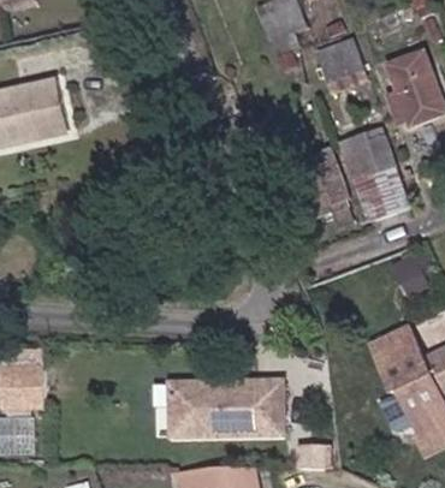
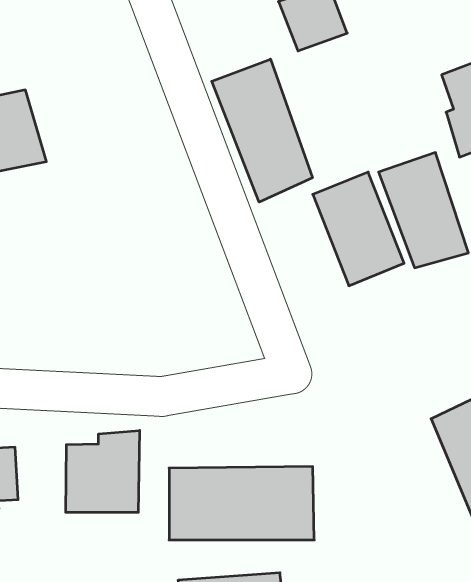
building: [312,37,367,83] -> none
building: none -> [212,59,312,202]
building: none -> [66,430,140,512]

